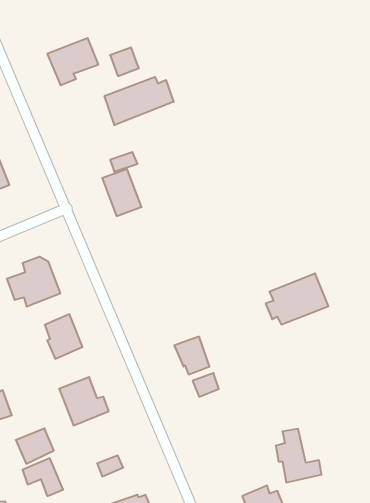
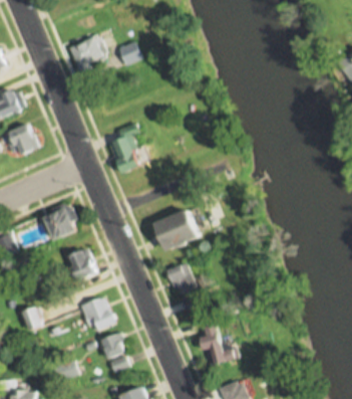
building: [105,77,174,125] -> none
building: [266,273,328,324] -> [152,211,201,250]
building: [16,428,54,464] -> [97,333,126,360]
building: [276,429,322,482] -> [201,325,236,366]

